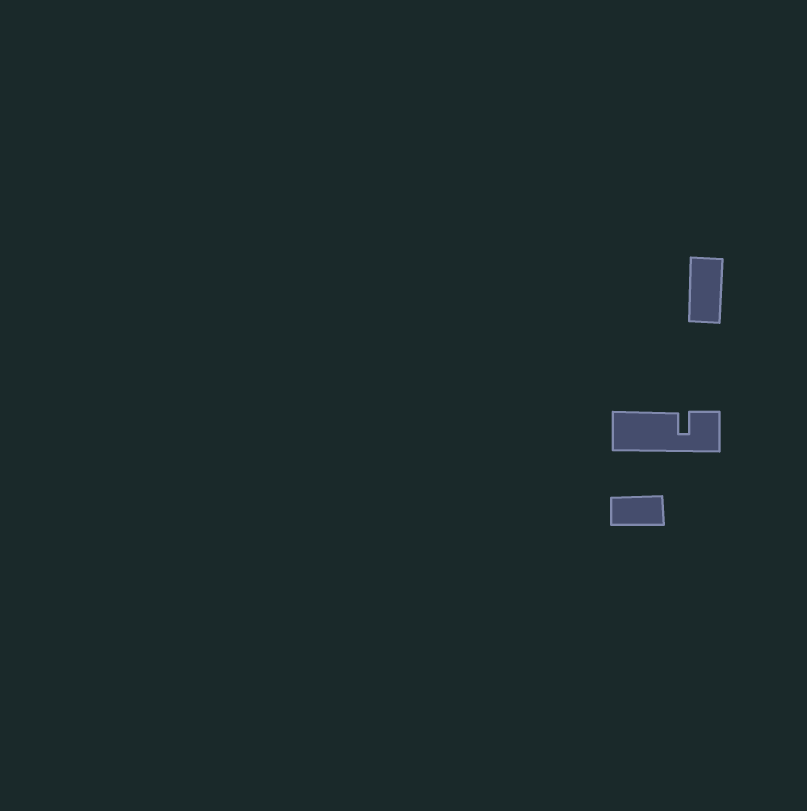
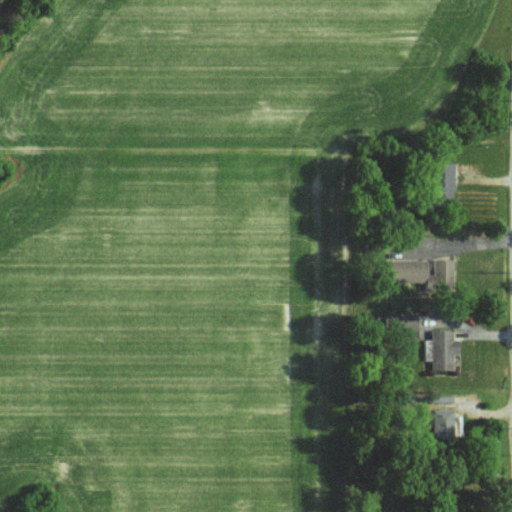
building: none -> [431,330,463,371]
building: none -> [429,410,457,437]

